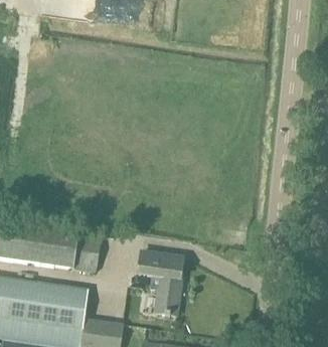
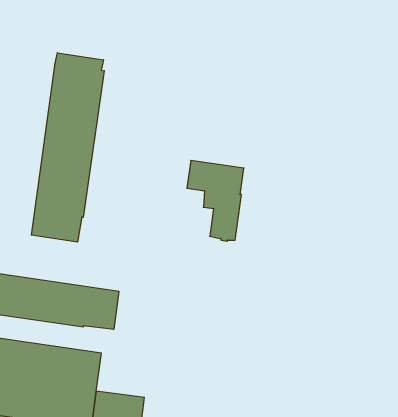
building: none -> [31,53,104,242]
building: [138,250,183,315] -> [187,160,244,241]

